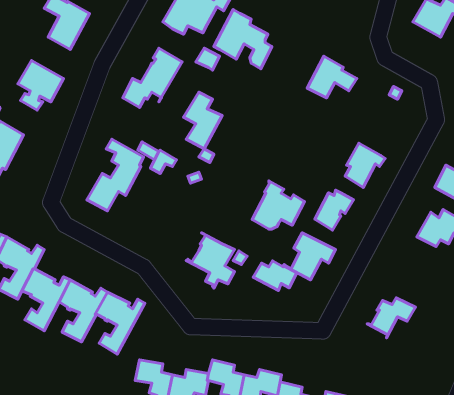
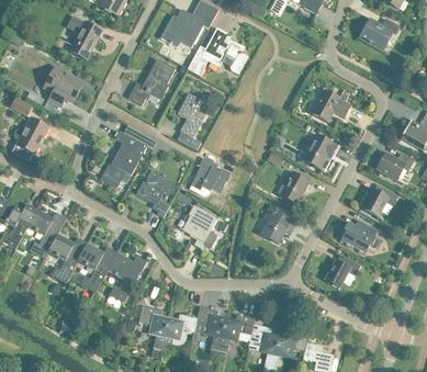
building: [307,56,357,98] -> [311,89,350,122]
building: [252,181,305,229] -> [188,157,229,195]
building: none -> [135,172,173,217]
building: none -> [339,222,377,252]
building: [253,261,297,290] -> none

